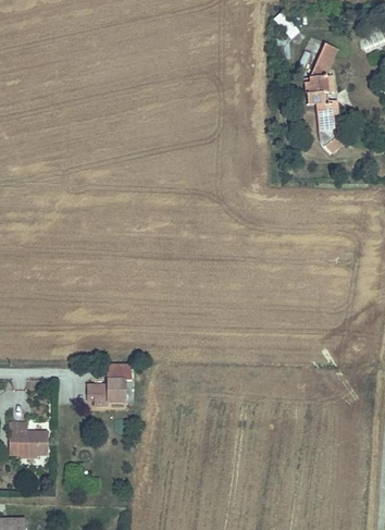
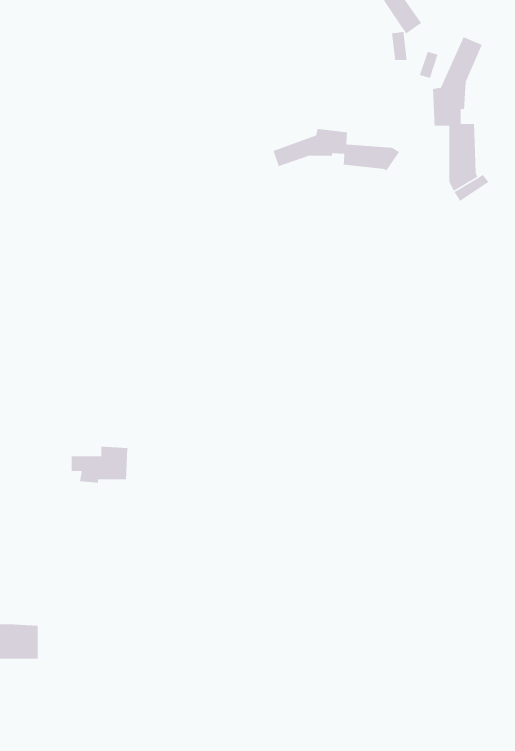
building: none -> [273,128,400,171]
building: [86,379,124,404] -> [71,446,128,483]

